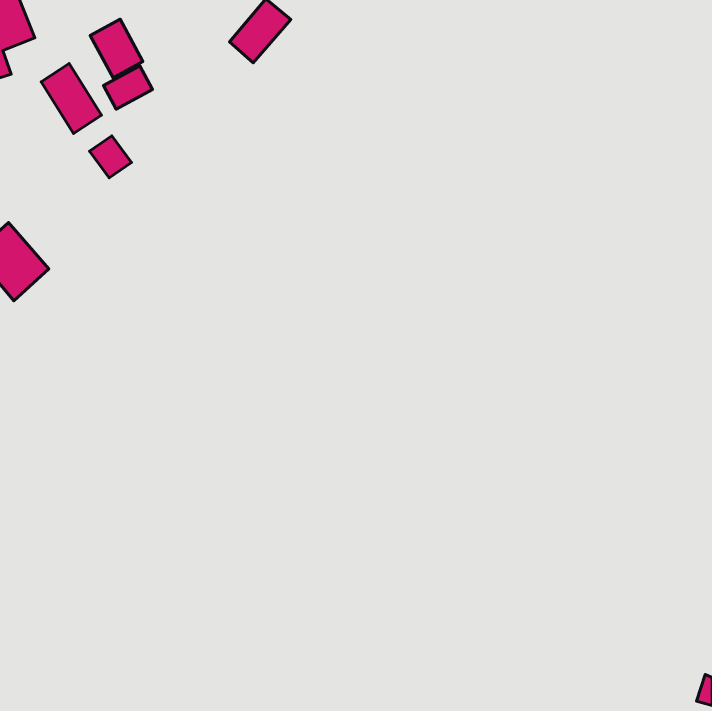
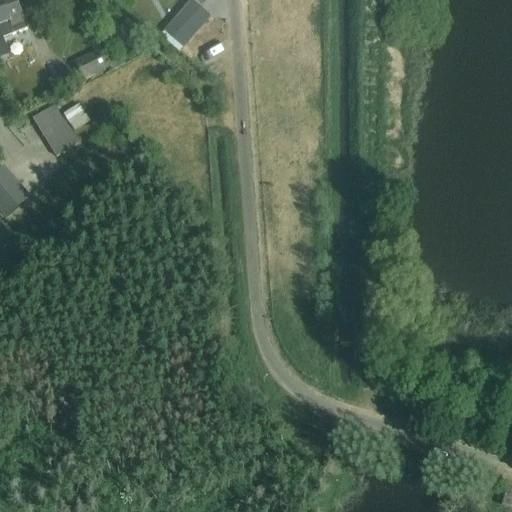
building: [90,19,143,78] -> none
building: [41,63,101,133] -> [33,104,76,154]

